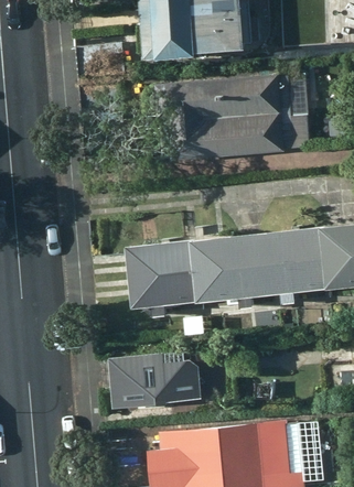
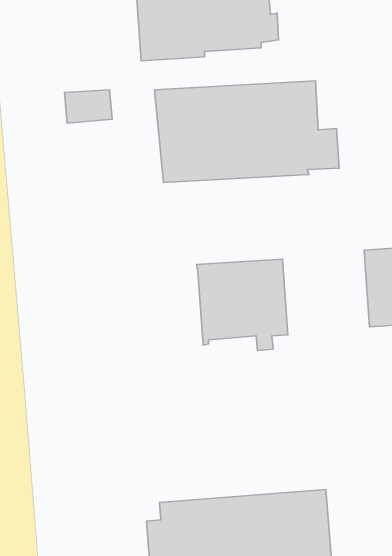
building: [260,223,333,303] -> none
building: [124,240,194,315] -> none
building: [108,351,199,407] -> none

